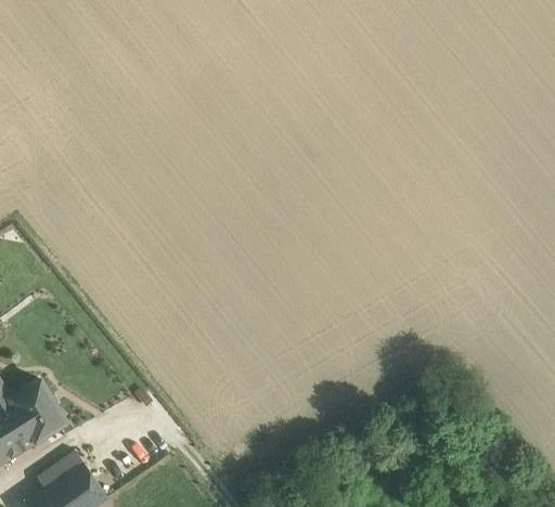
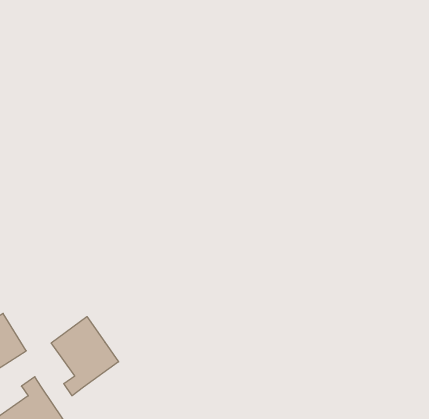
building: none -> [51,317,119,396]

